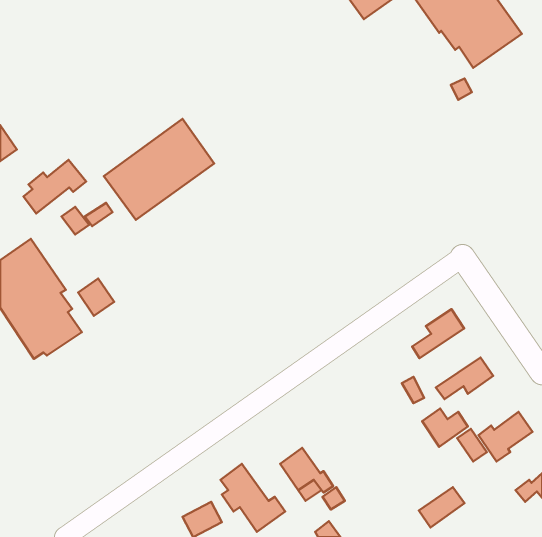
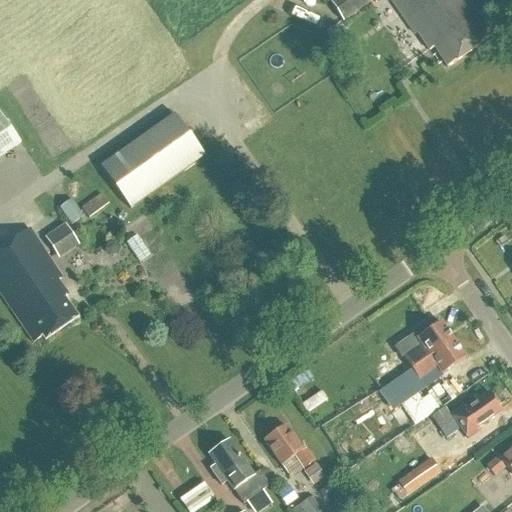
building: [23,160,86,213] -> none
building: [78,279,114,316] -> [44,223,78,258]
building: [412,309,464,358] -> [404,319,453,365]

